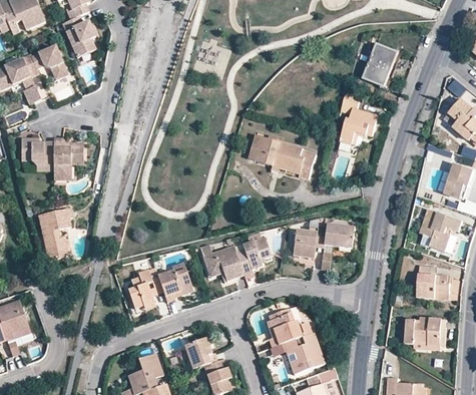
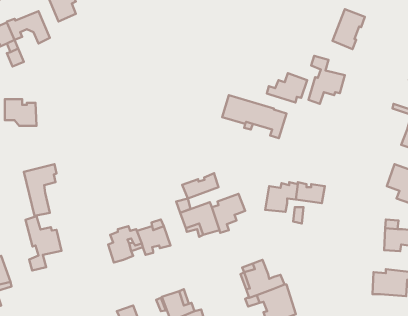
building: none -> [267,73,307,103]
building: [53,138,84,180] -> none
building: none -> [182,173,219,198]
building: none -> [26,216,61,270]

